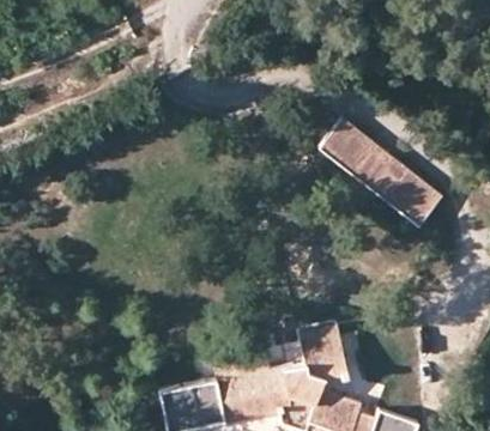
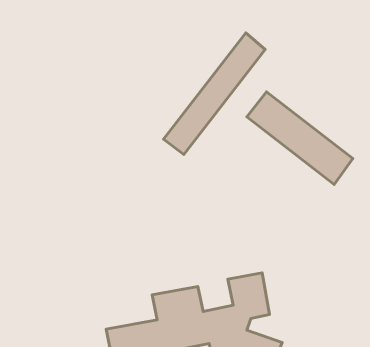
building: none -> [163,33,265,154]

